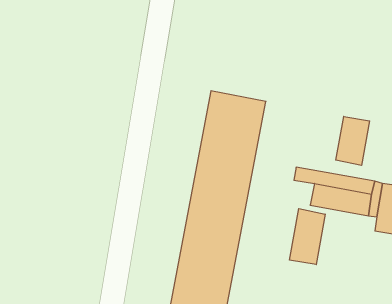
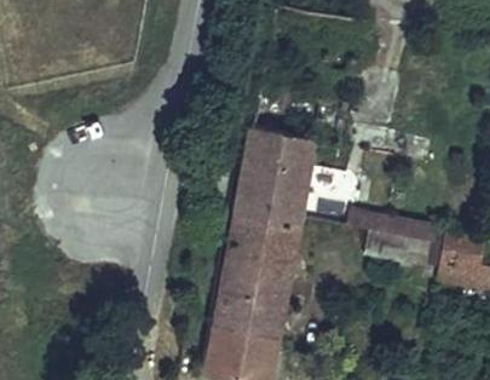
building: [336,116,370,165] -> none
building: [290,209,325,265] -> none

